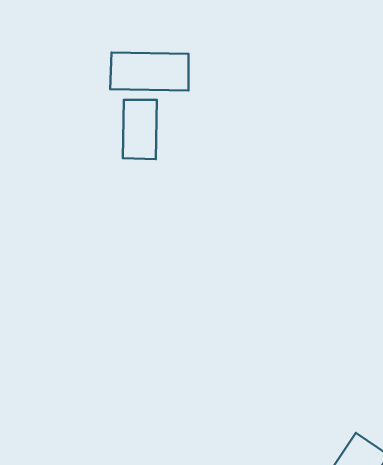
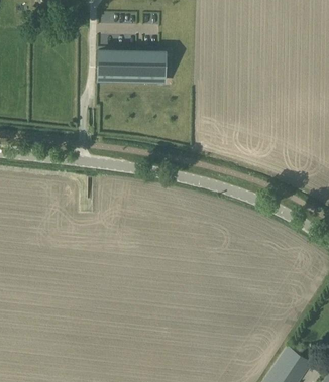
building: [123,100,157,159] -> none

